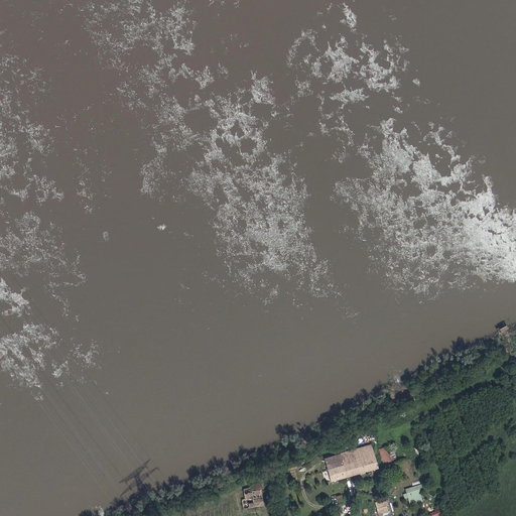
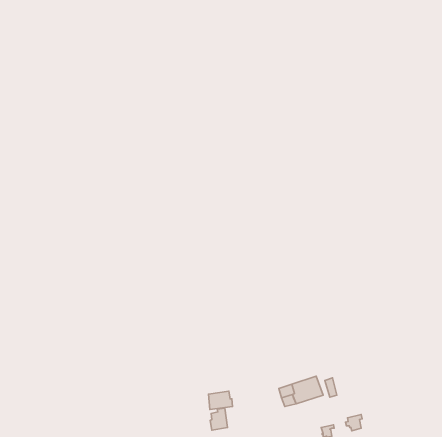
building: none -> [208,391,232,409]

